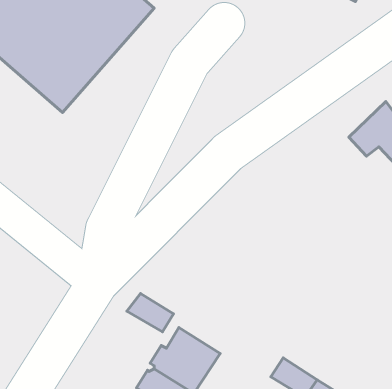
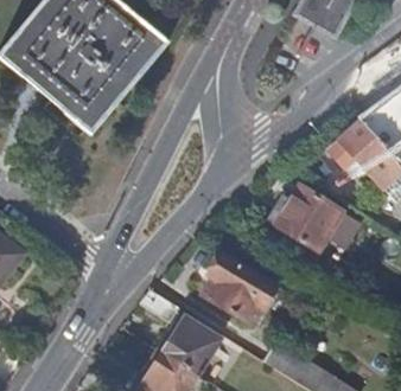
building: none -> [276,185,343,250]
building: none -> [204,252,274,321]

